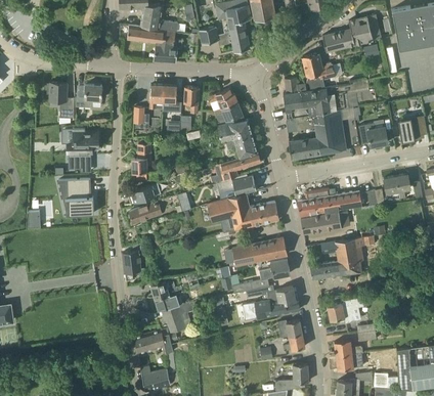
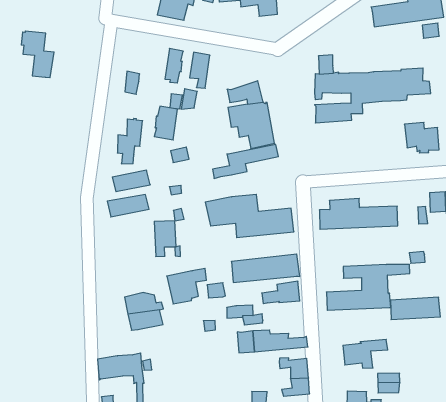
building: [302,53,336,90] -> none
building: [149,84,166,109] -> [154,106,178,140]
building: [75,85,102,108] -> none
building: [208,89,238,113] -> none
building: [289,109,346,159] -> none
building: [68,129,97,169] -> none
building: [217,174,258,195] -> none
building: [67,179,94,215] -> none
building: [301,212,342,233] -> [390,297,440,320]
building: [122,251,145,280] -> [154,221,180,256]
building: [267,287,298,305] -> none
building: [164,301,196,332] -> [167,268,206,304]

